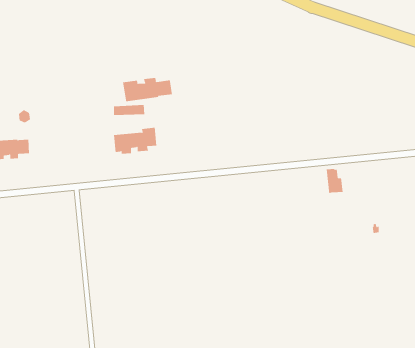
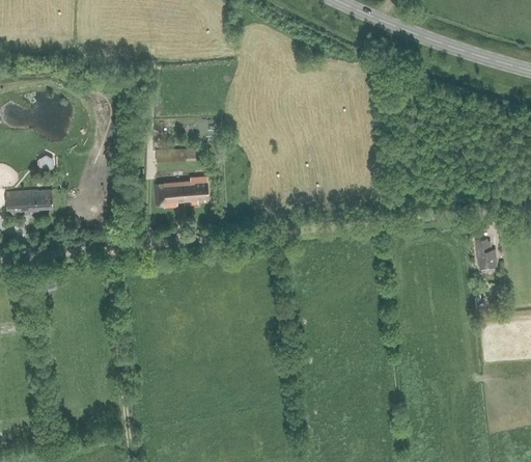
building: [122,77,172,102] -> none
building: [326,168,344,194] -> [474,238,496,269]

